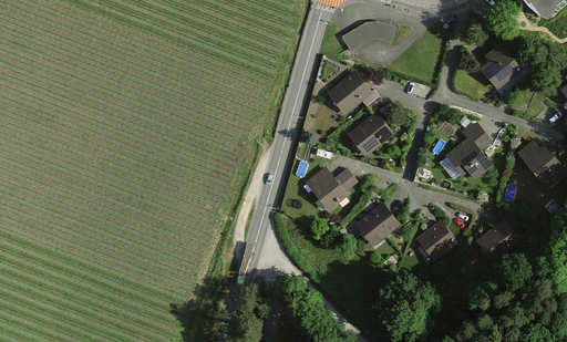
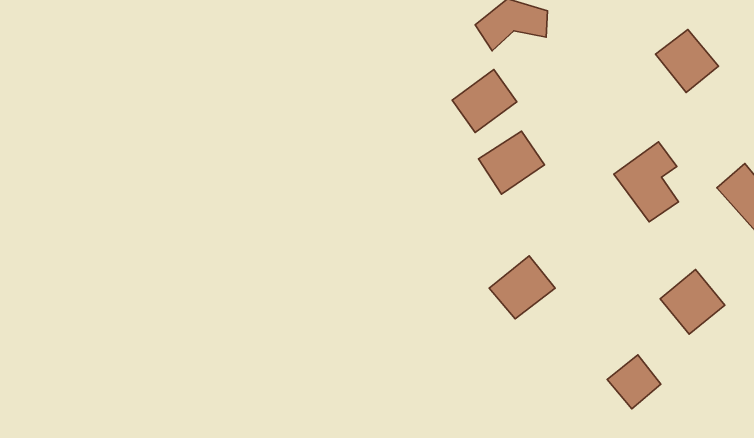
building: [303,165,364,217] -> none
building: [415,215,454,253] -> [607,355,661,409]

